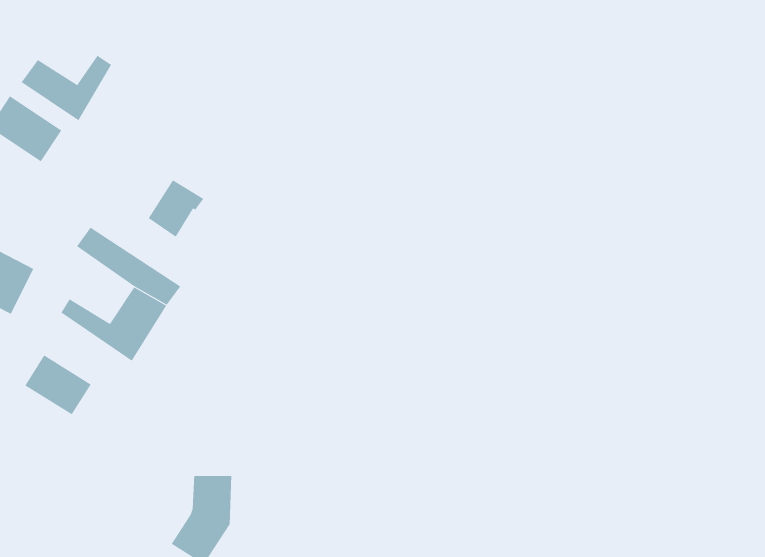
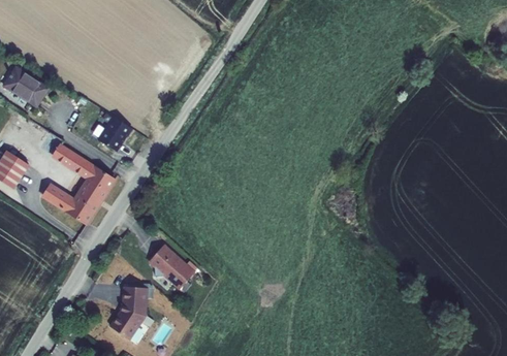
building: [21,55,112,121] -> none
building: [25,355,91,415] -> none
building: none -> [151,246,194,291]

